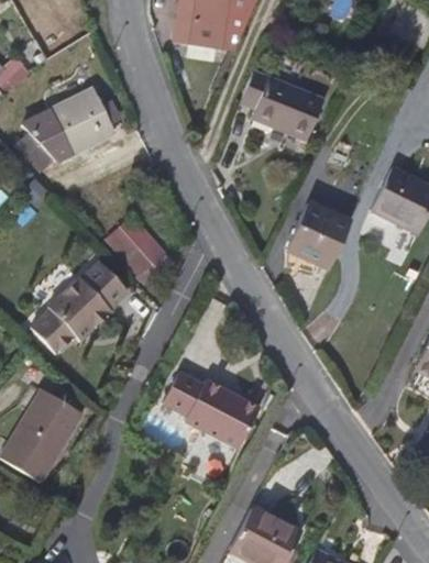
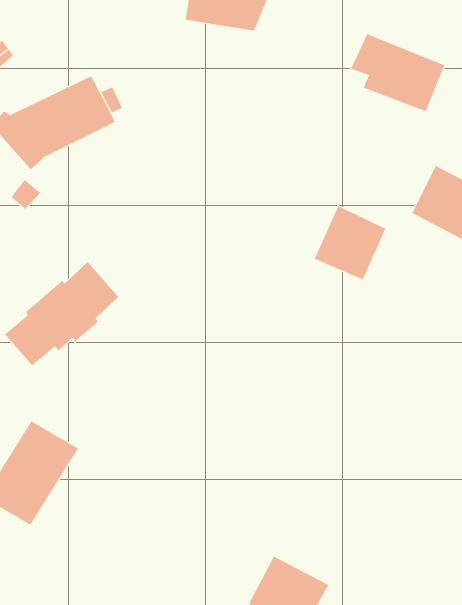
building: [240,71,322,140] -> [350,33,445,112]
building: [109,217,168,278] -> none
building: [163,375,258,450] -> none

